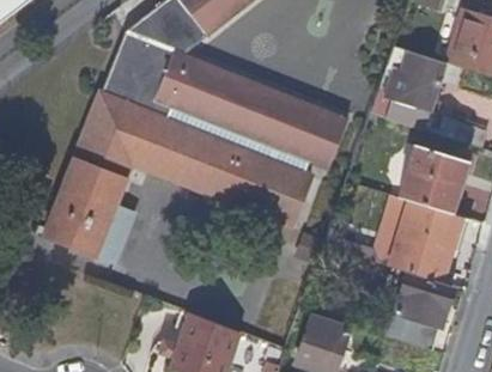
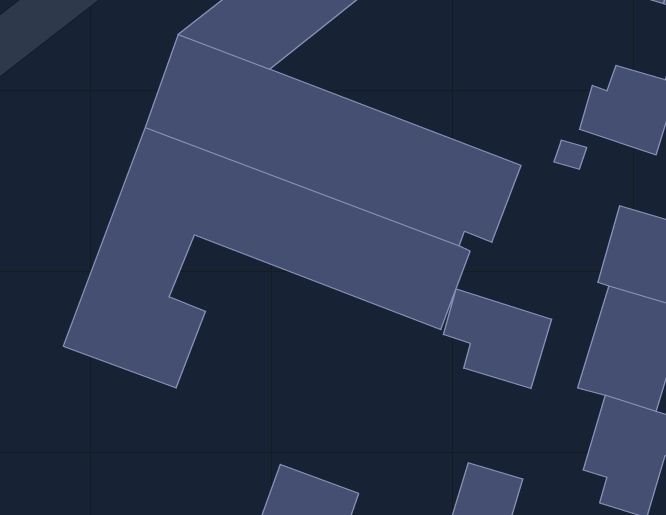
building: none -> [443,289,552,389]

